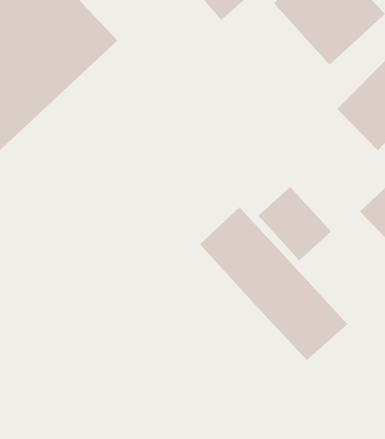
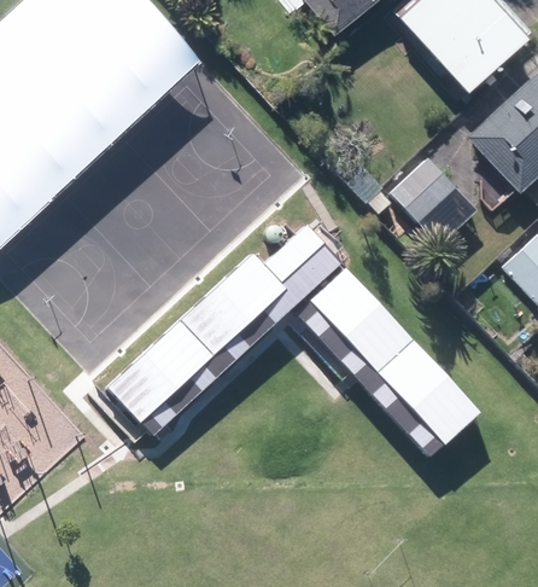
building: none -> [109,221,339,430]
building: [258,186,332,261] -> [386,161,476,252]

